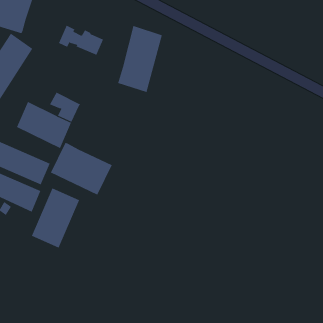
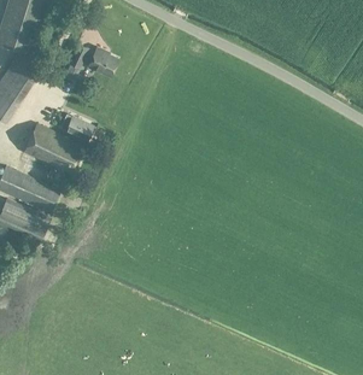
building: [118,25,162,93] -> none
building: [50,142,113,195] -> none
building: [31,188,80,249] -> none

